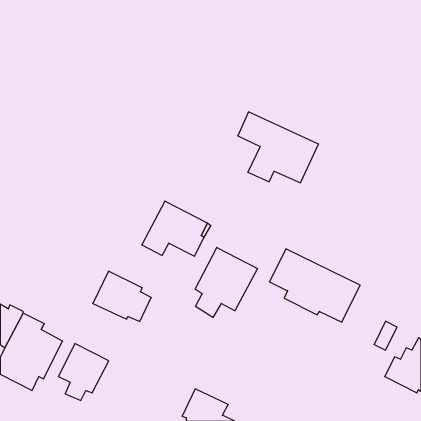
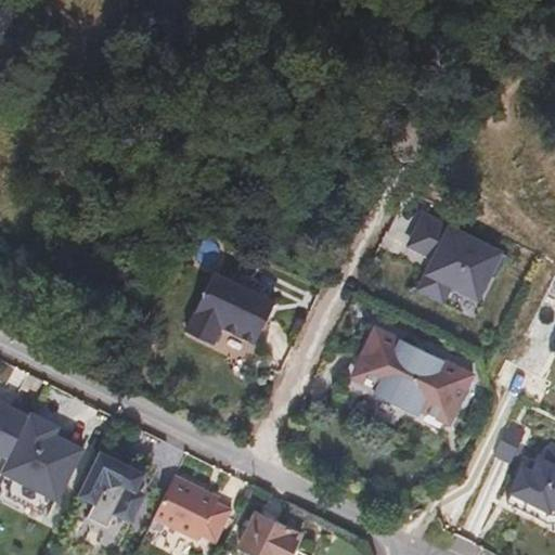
building: [238,112,319,183] -> [402,219,508,312]
building: [195,247,257,317] -> none
building: [93,271,151,321] -> [154,476,231,542]

